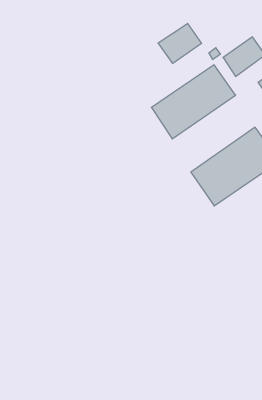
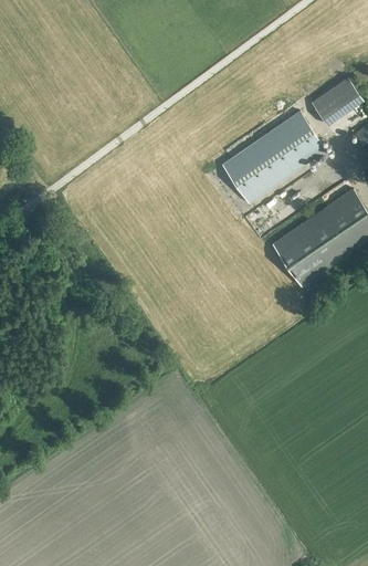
building: [158,23,202,63] -> none

